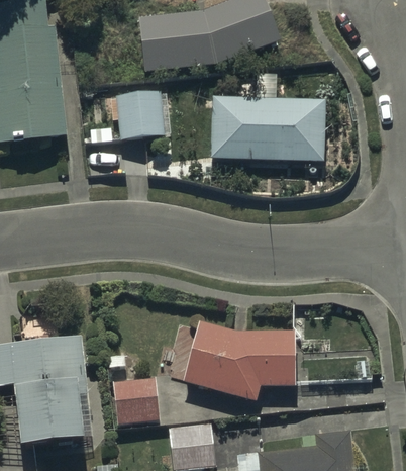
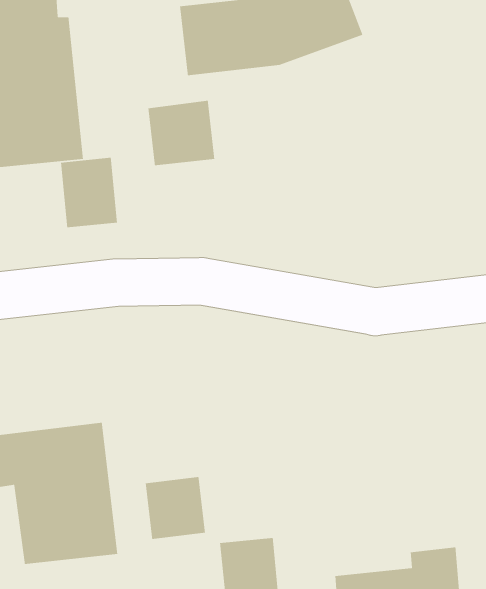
building: [209,94,324,161] -> none
building: none -> [60,157,118,228]
building: [182,319,295,399] -> none

